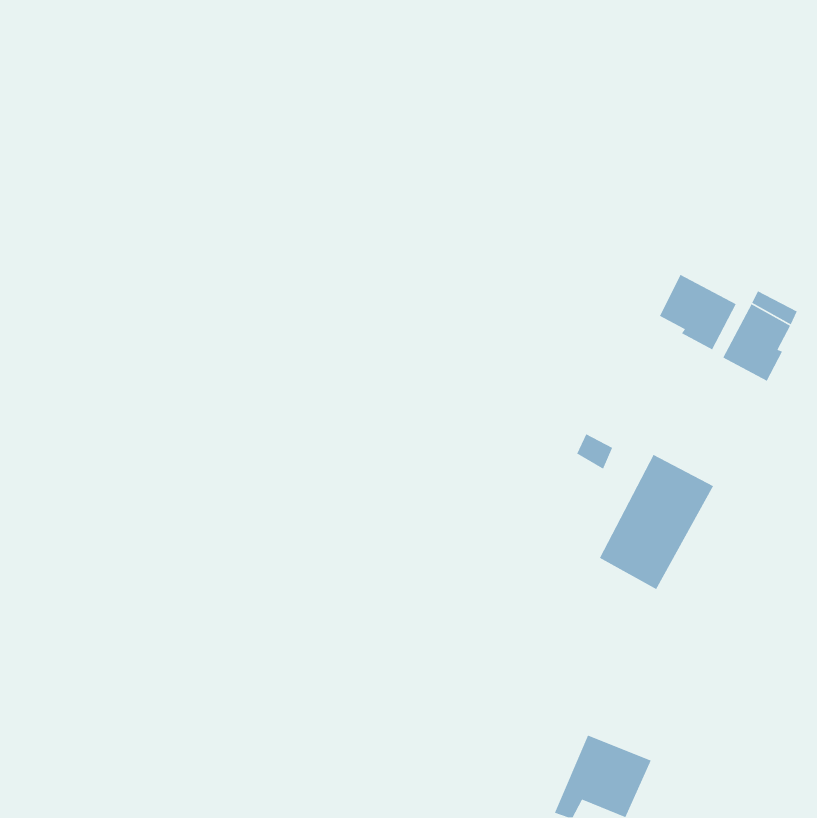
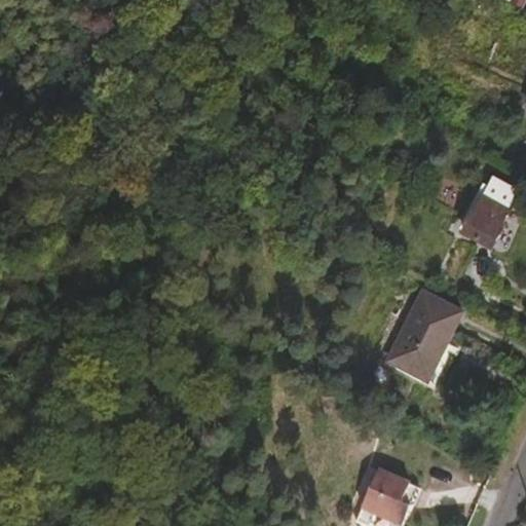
building: [659,274,737,350] -> none

